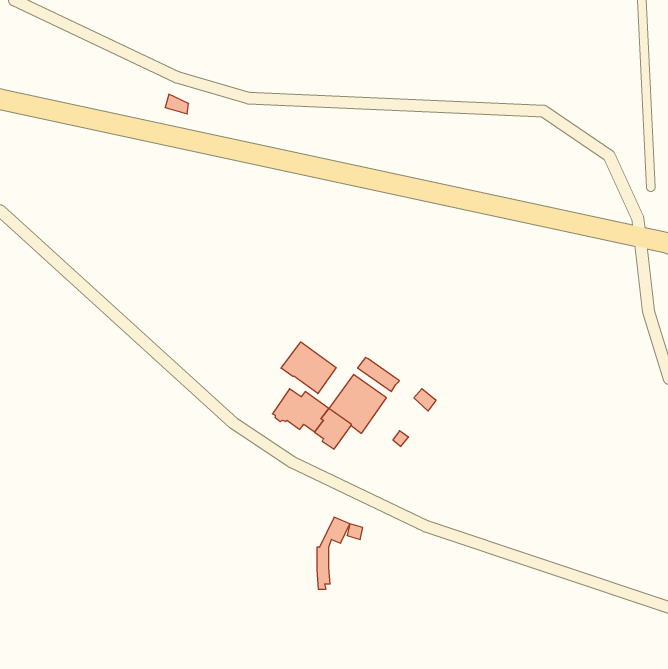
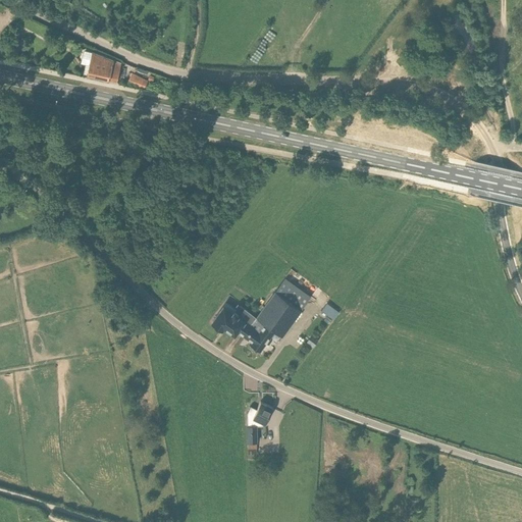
building: none -> [81,50,121,83]
building: [281,342,336,394] -> none

